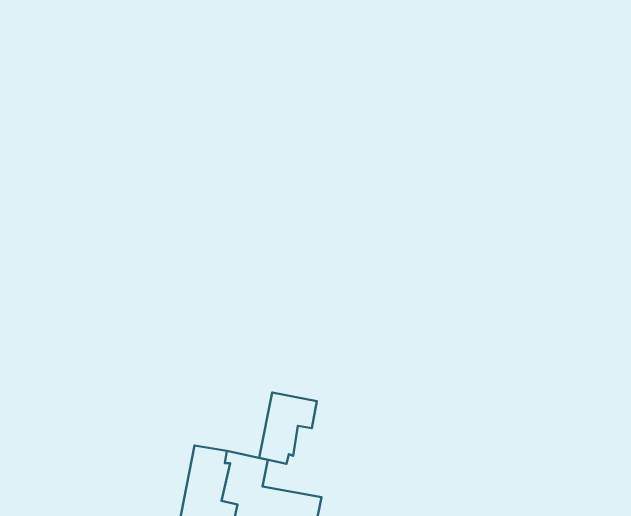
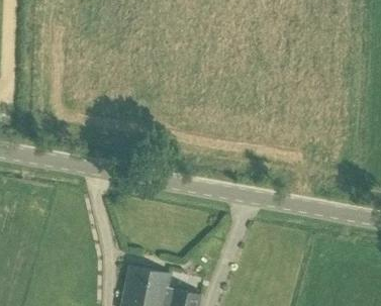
building: [259,393,317,464] -> none

